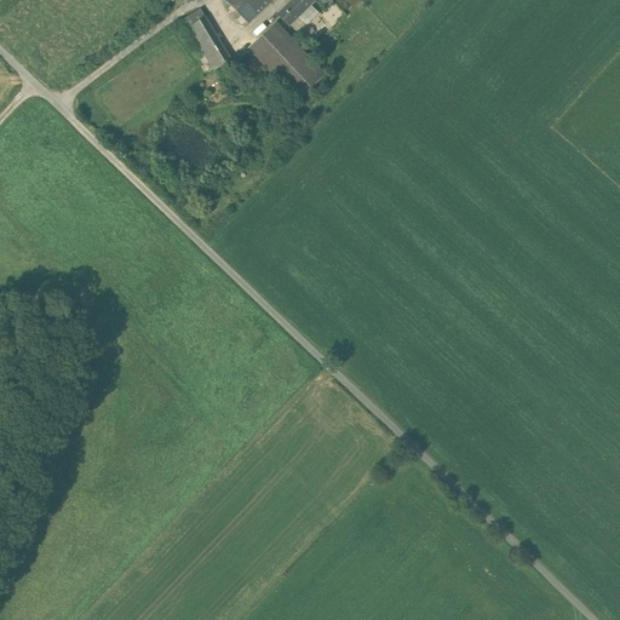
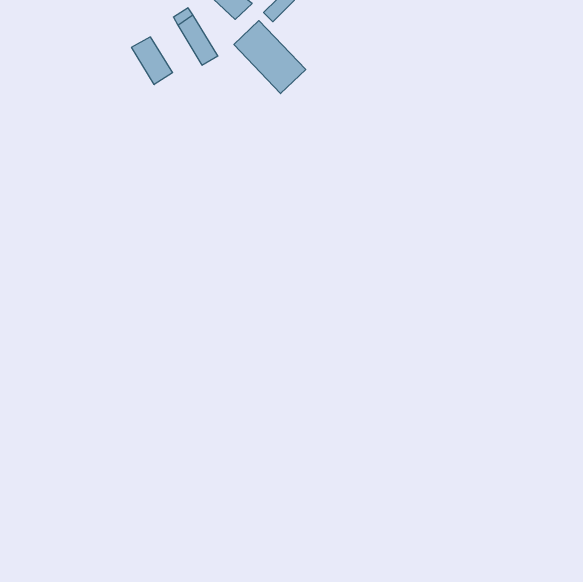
building: none -> [132,37,173,85]

